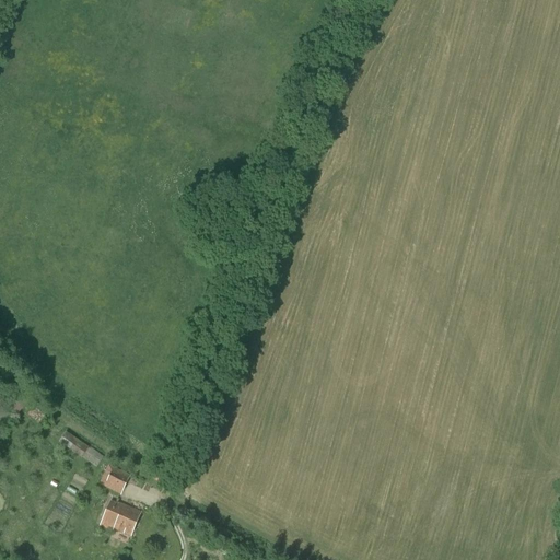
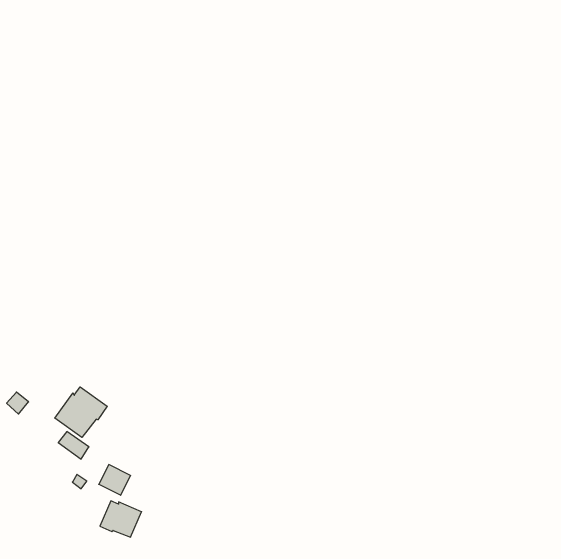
building: none -> [55,387,107,437]

